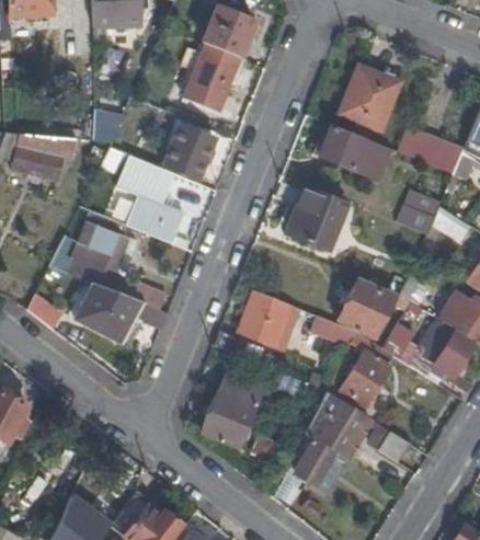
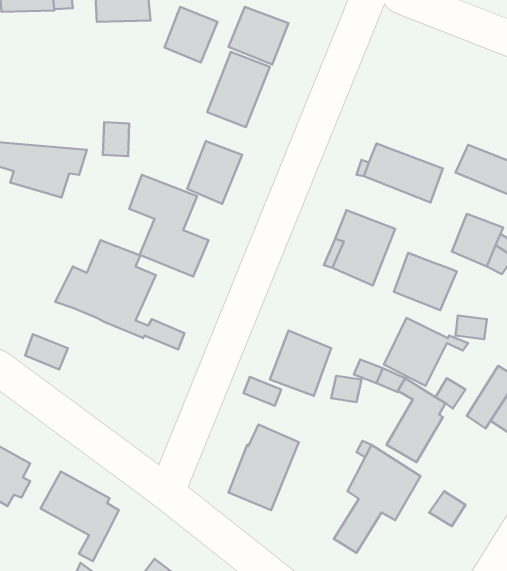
building: none -> [164,7,218,63]
building: [339,66,399,130] -> none
building: none -> [394,253,457,310]
building: [75,284,169,342] -> none
building: none -> [41,471,119,561]

